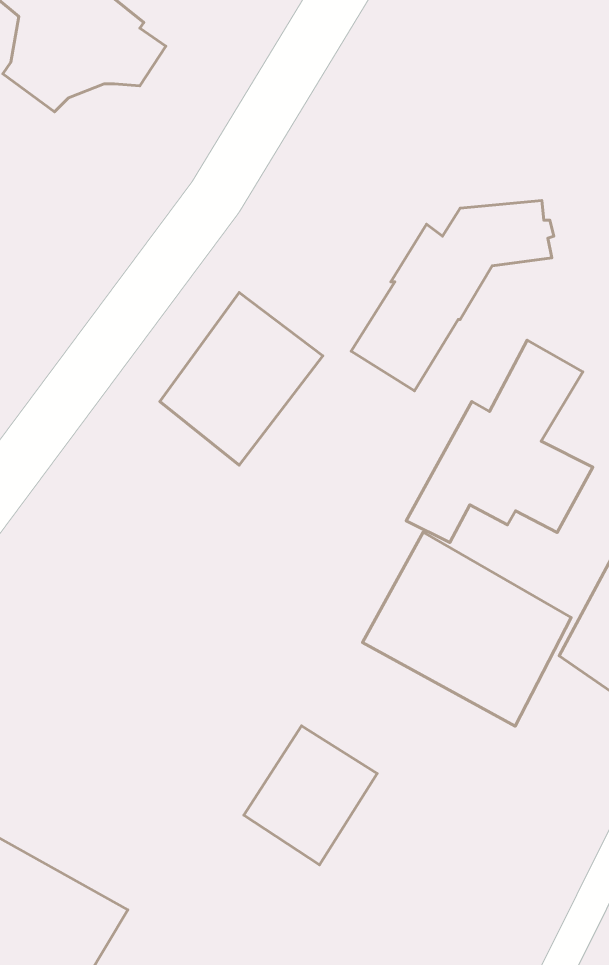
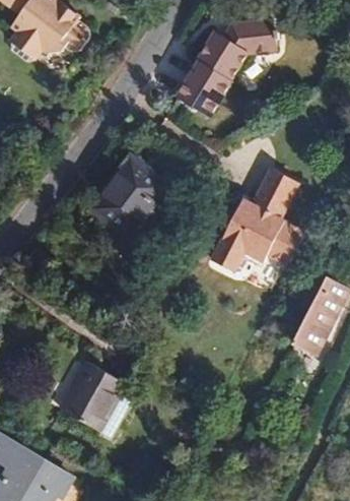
building: [351,200,554,391] -> [173,17,277,115]
building: [363,532,571,726] -> none
building: [244,726,377,865] -> [57,360,125,431]

